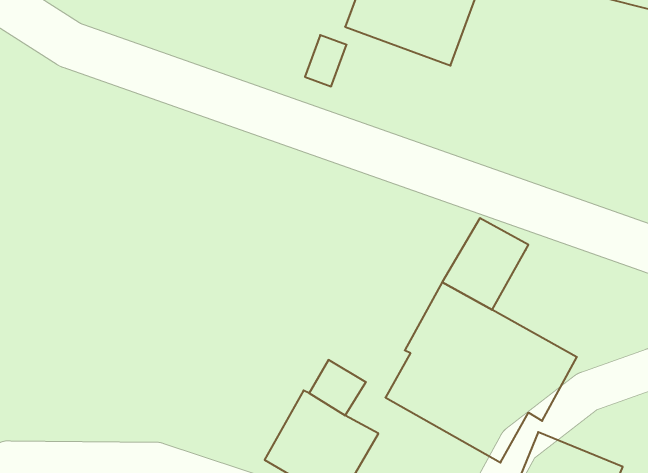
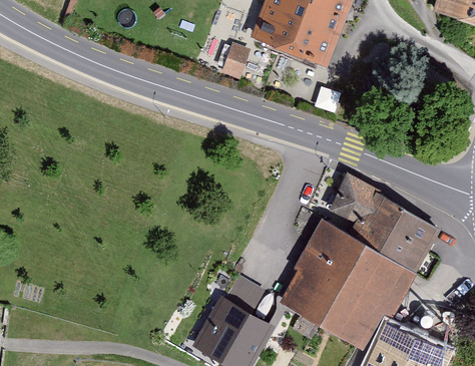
building: none -> [357,196,439,273]

